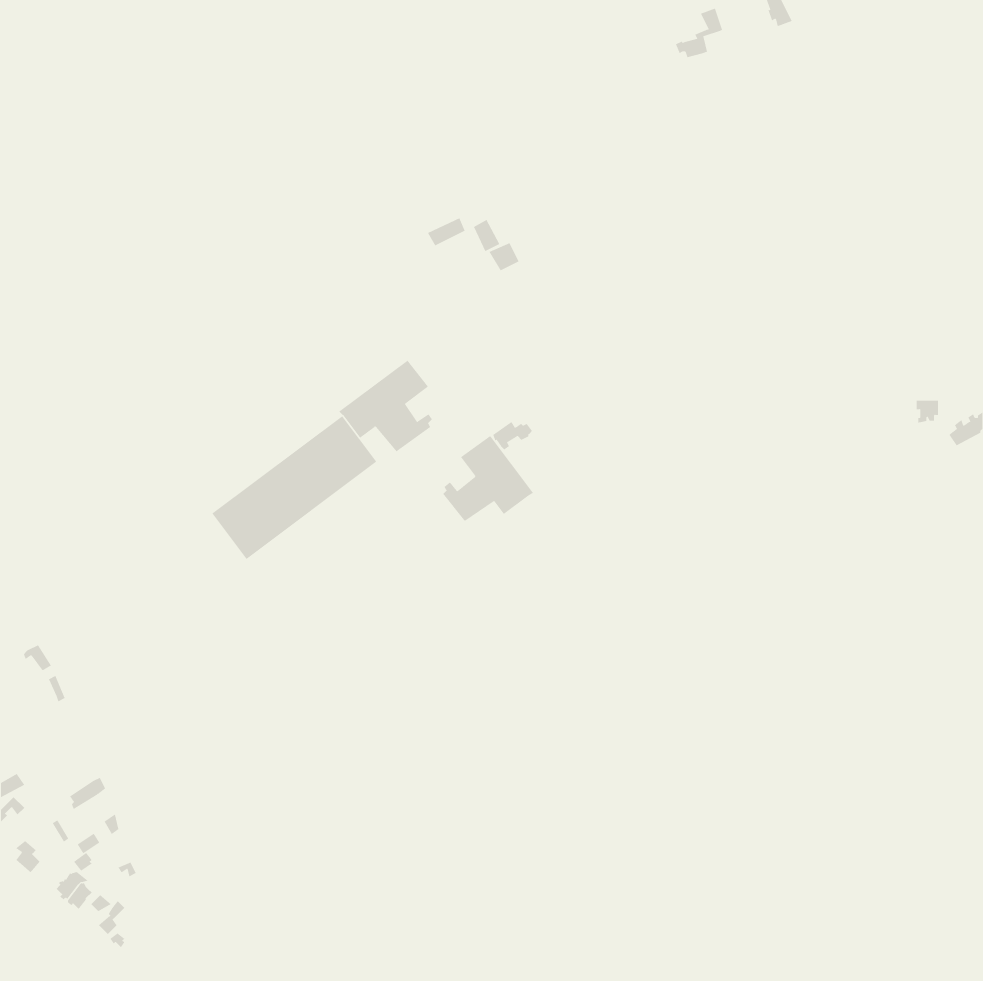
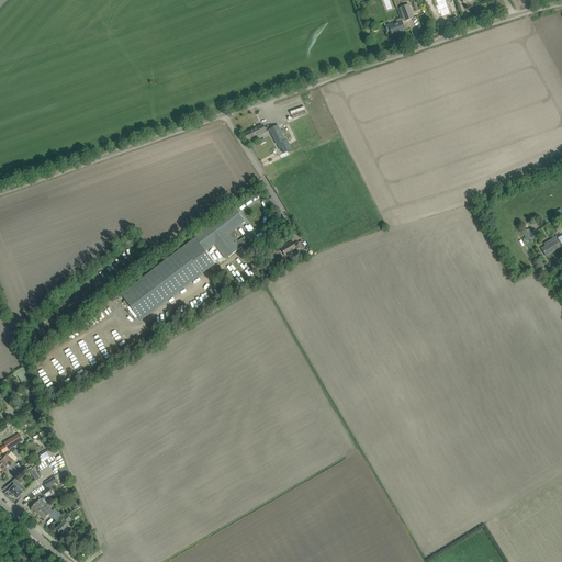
building: [443,435,534,522] -> none

